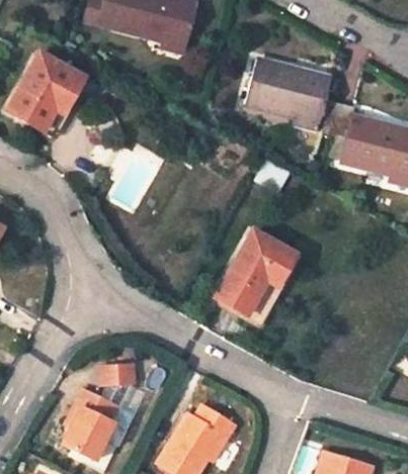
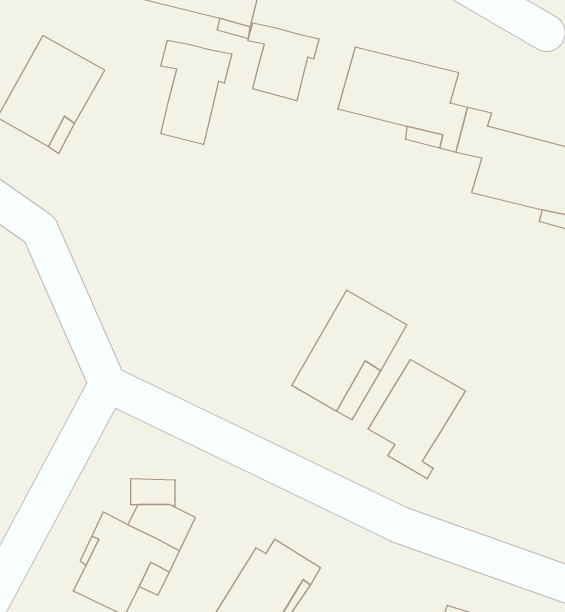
building: none -> [248,23,319,101]
building: none -> [161,40,232,145]
building: none -> [368,360,465,479]

